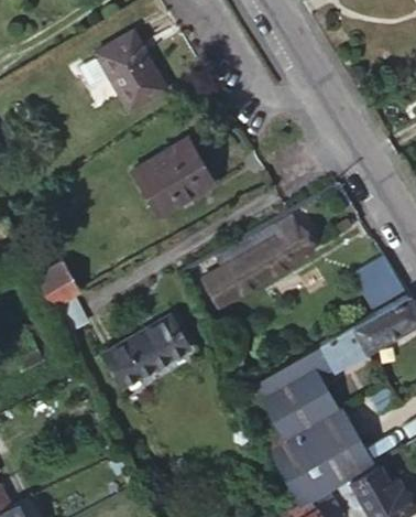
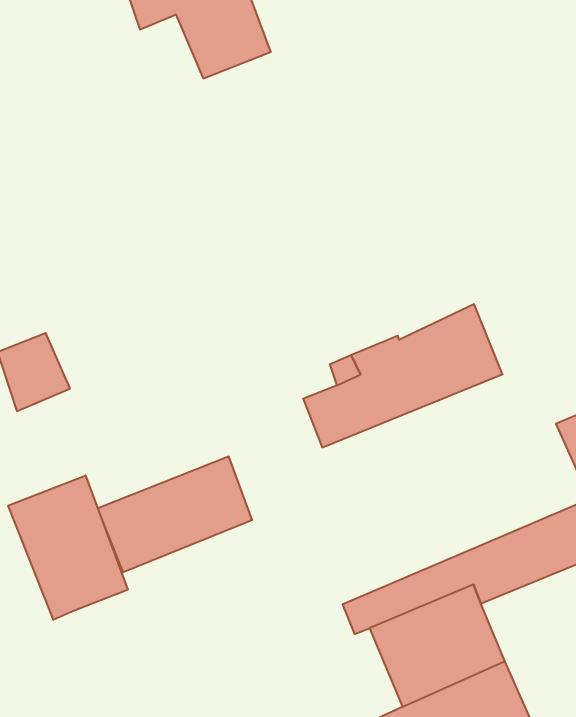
building: [132,139,214,218] -> none
building: none -> [8,475,128,620]

